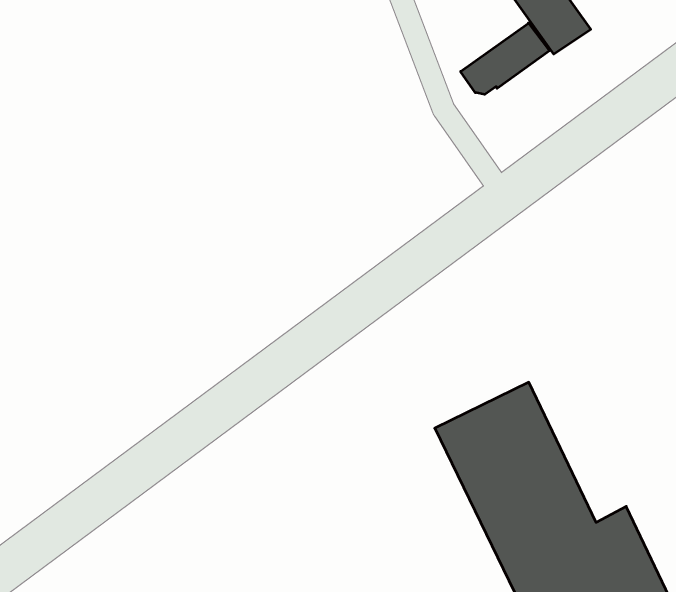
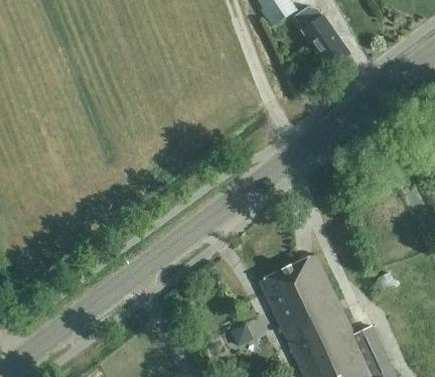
building: [461,23,550,94] -> none

